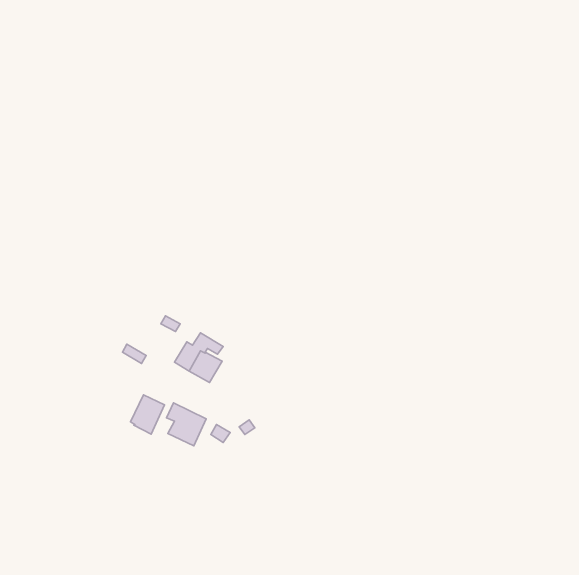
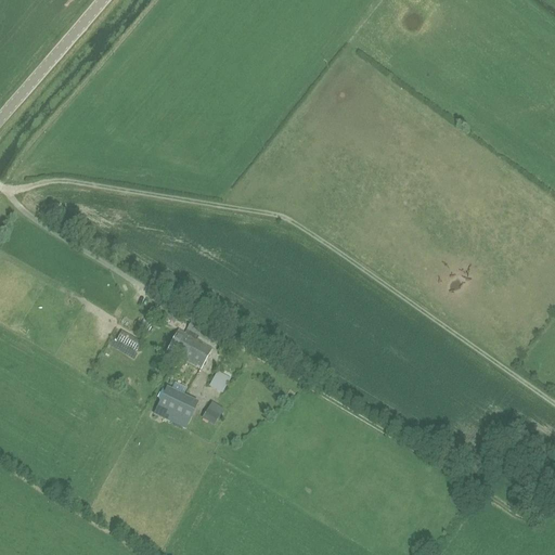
building: [130,395,165,434] -> none

